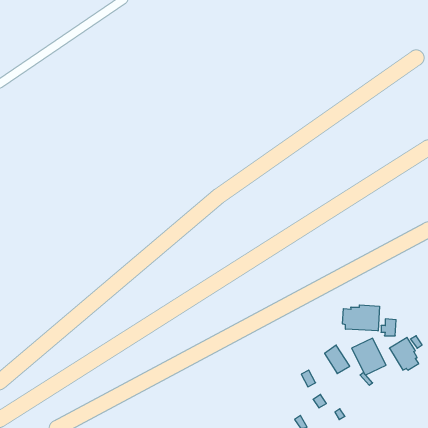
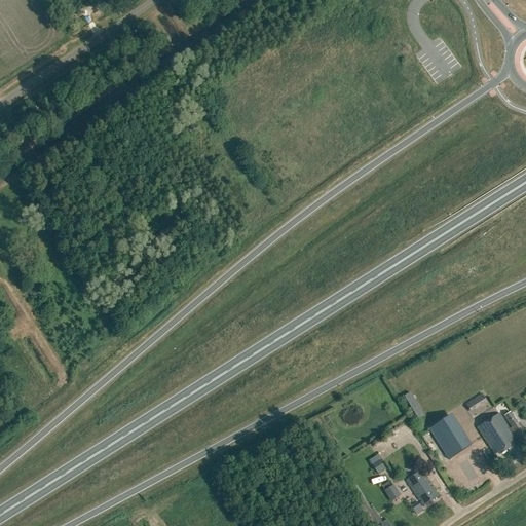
building: [343,305,379,331] -> none
building: [325,345,350,374] -> [406,469,437,504]

